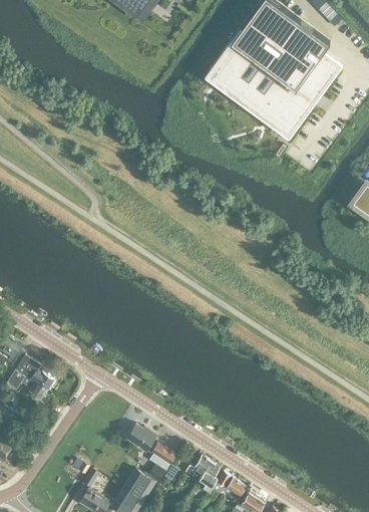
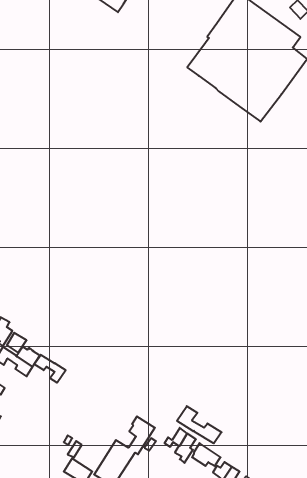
building: none -> [34,355,66,383]
building: [127,426,156,453] -> none
building: none -> [177,406,222,443]

